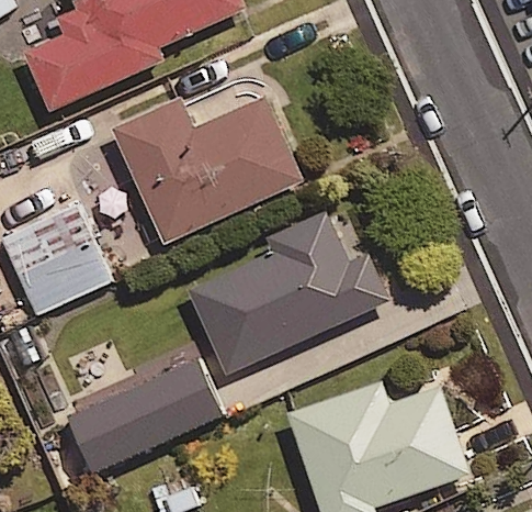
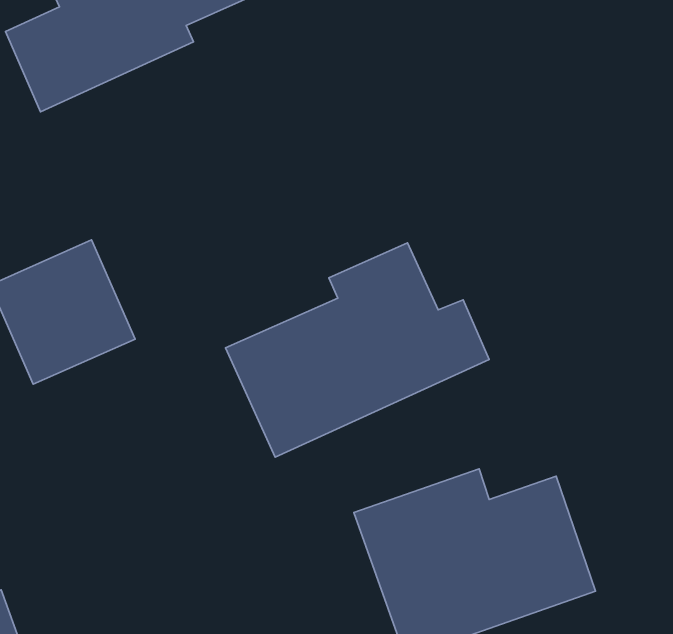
building: [110,96,303,244] -> none
building: [77,359,229,476] -> none

